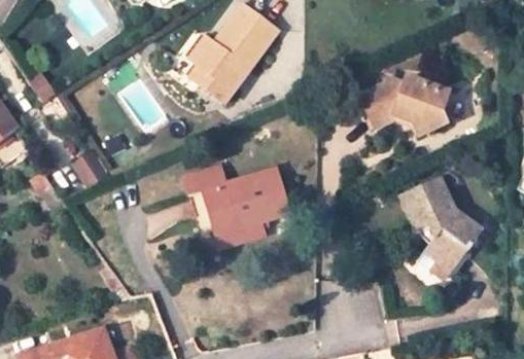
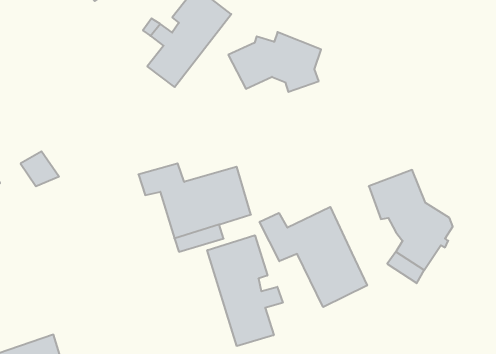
building: [358,73,446,130] -> [228,32,321,92]
building: none -> [260,207,367,307]
building: none -> [207,235,283,346]

